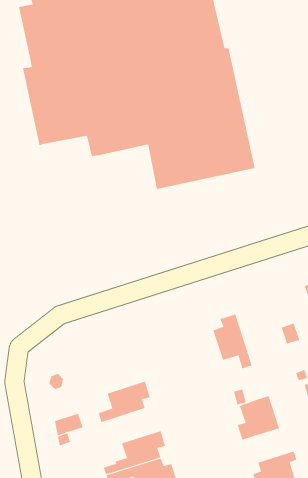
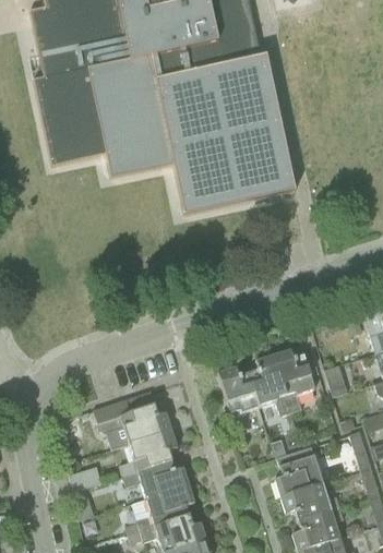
building: none -> [274,349,315,412]
building: none -> [218,366,259,430]
building: none -> [93,392,172,449]
building: none -> [122,460,190,500]
building: none -> [280,483,339,521]

